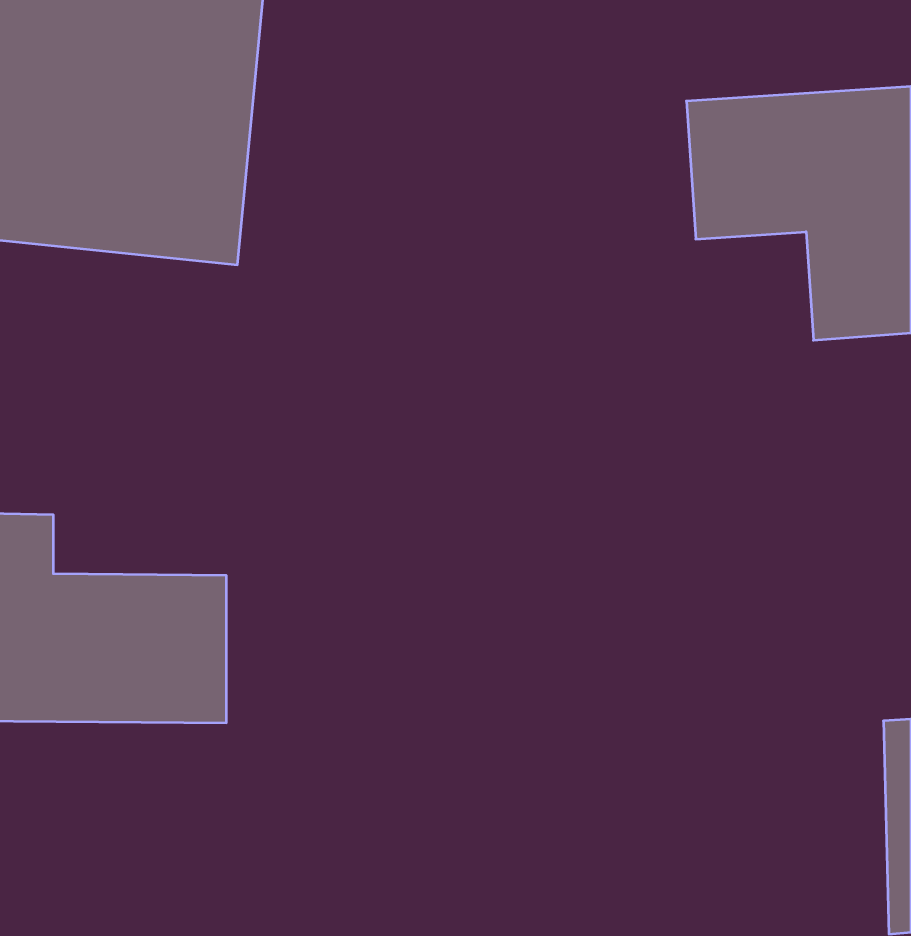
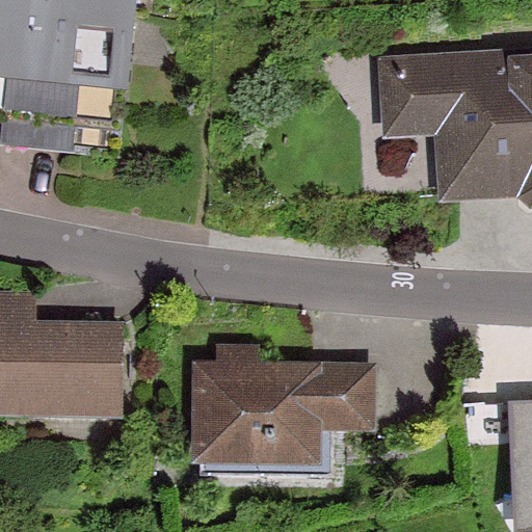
building: none -> [205,361,376,464]

